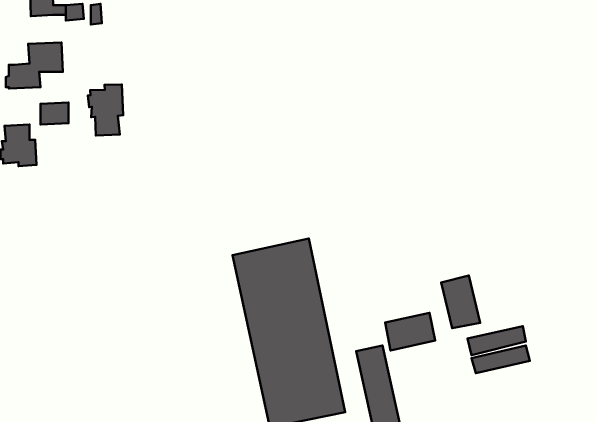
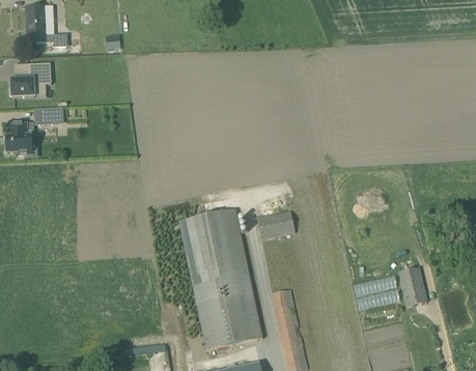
building: [88,84,123,136] -> none
building: [441,275,480,328] -> [398,267,427,307]
building: [385,313,435,350] -> [257,211,295,239]

